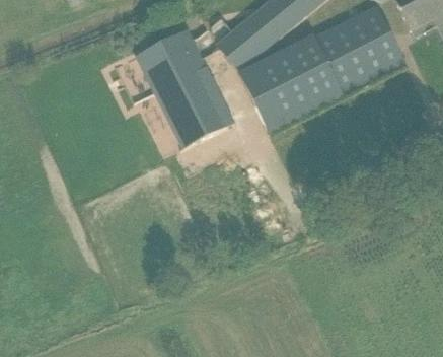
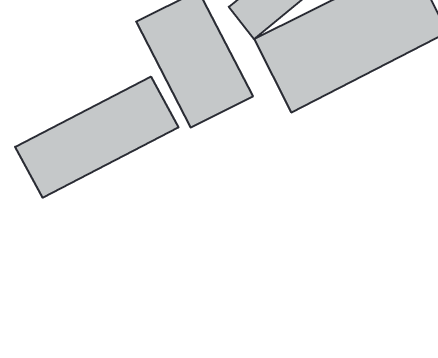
building: none -> [15,77,178,198]

